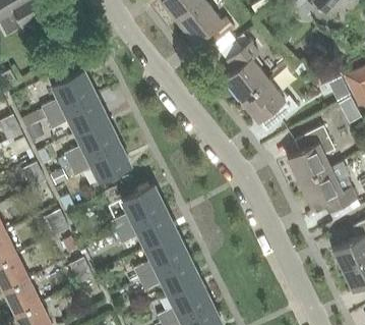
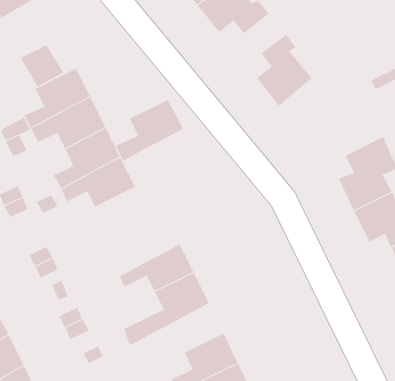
building: none -> [20,44,64,87]
building: [241,78,297,122] -> none
building: [110,185,164,234] -> [115,99,184,161]
building: [128,256,198,296] -> none

